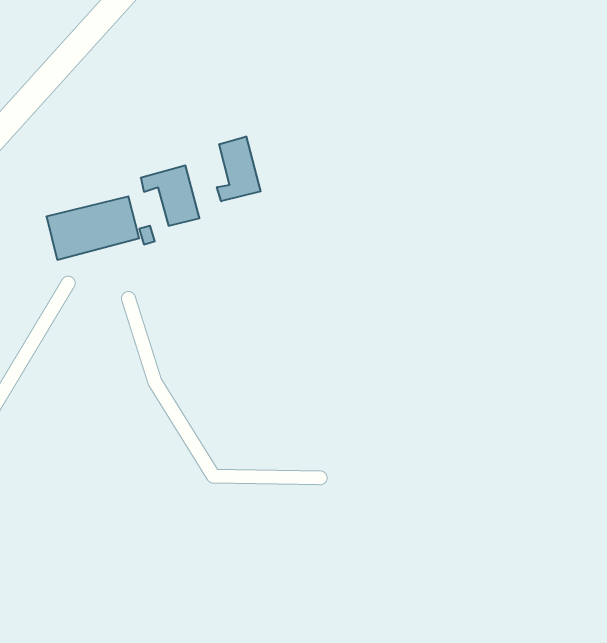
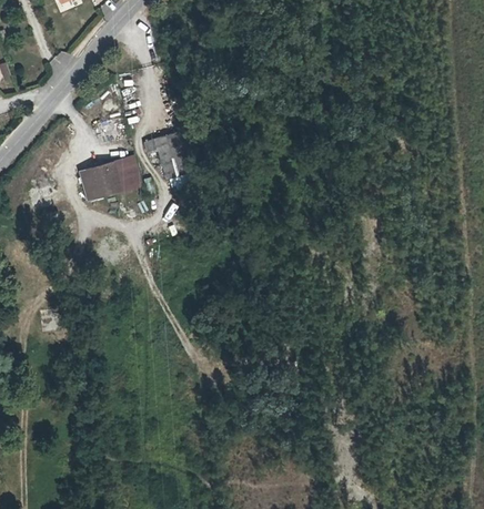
building: [217,136,261,201] -> none

